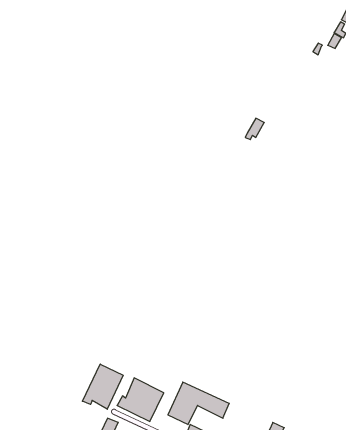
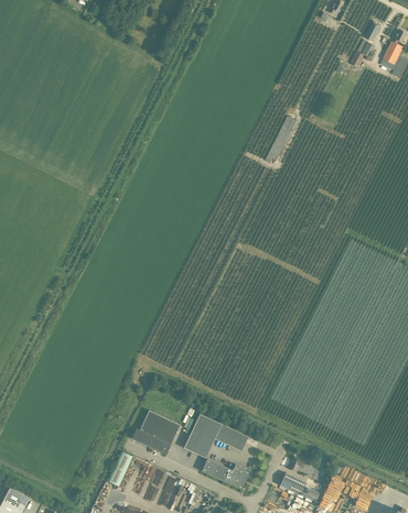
building: [82,364,123,409] -> none

